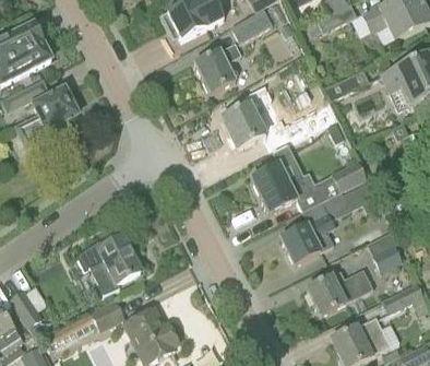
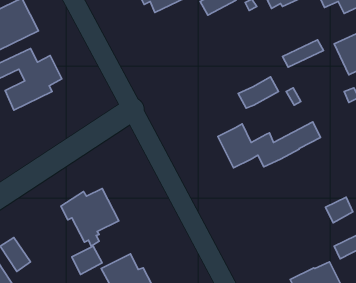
building: [193,43,241,93] -> none
building: [220,93,276,147] -> none
building: [280,181,379,263] -> none
building: [307,268,373,315] -> none

